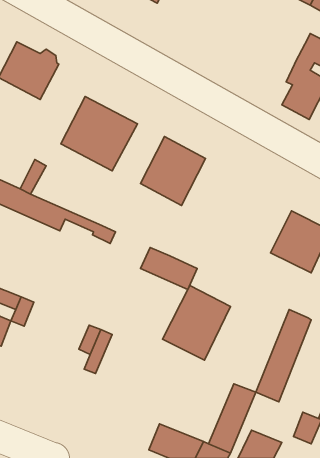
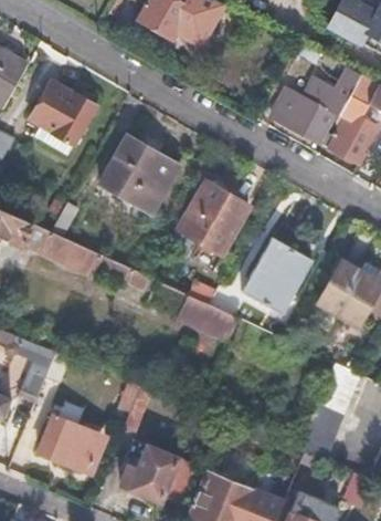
building: none -> [274,72,359,140]
building: [162,286,231,360] -> [241,239,313,317]
building: none -> [39,415,100,471]
building: none -> [120,437,178,499]

